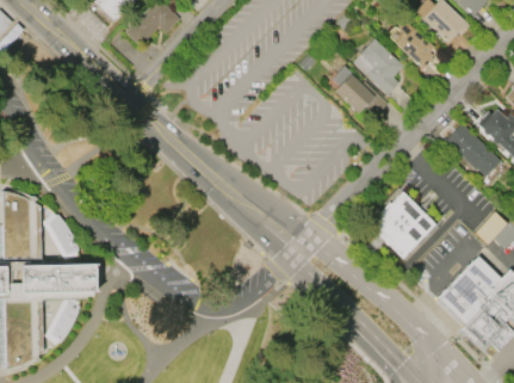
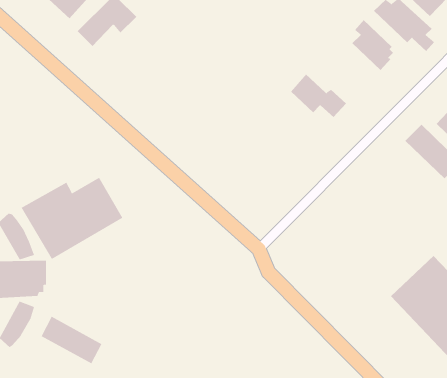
building: [354,39,407,97] -> none
building: none -> [21,177,123,260]
building: [363,192,435,265] -> none
building: none -> [41,316,102,364]

